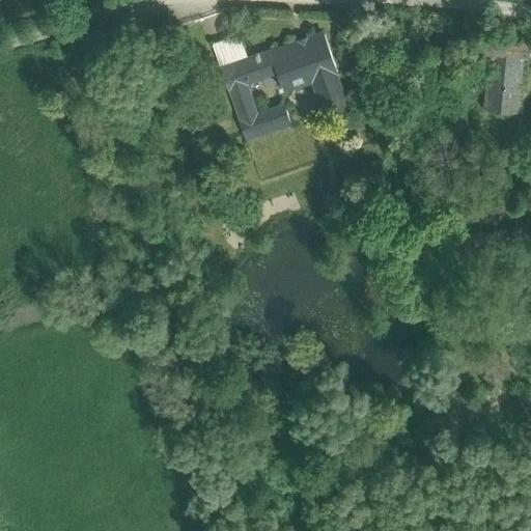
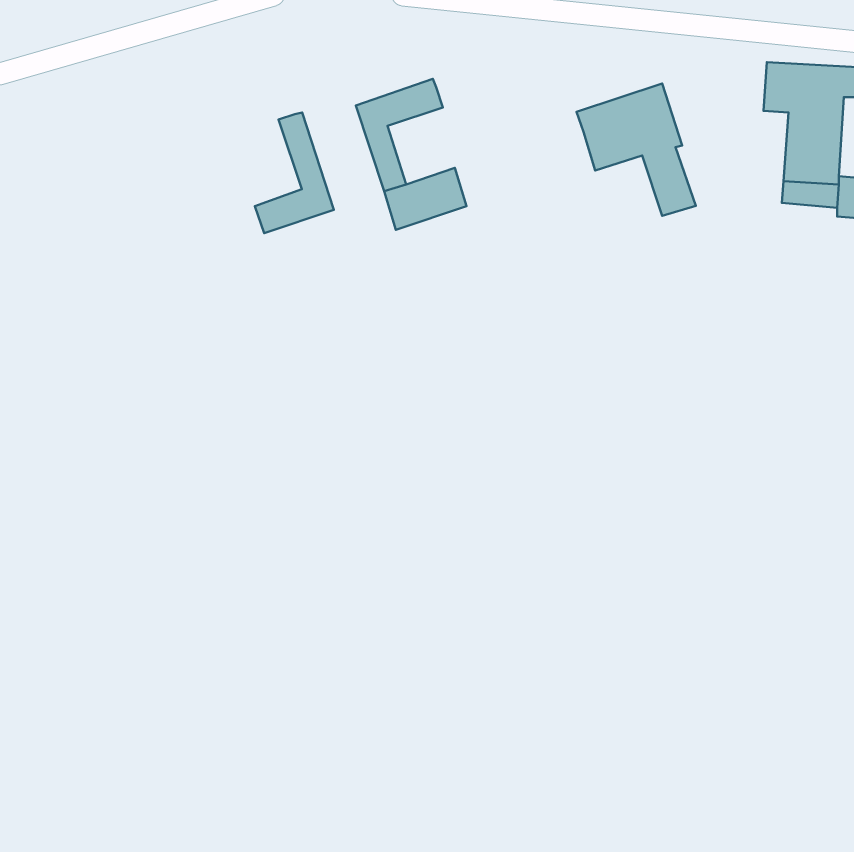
building: [272,36,345,118] -> [577,83,696,216]
building: none -> [255,112,334,233]

